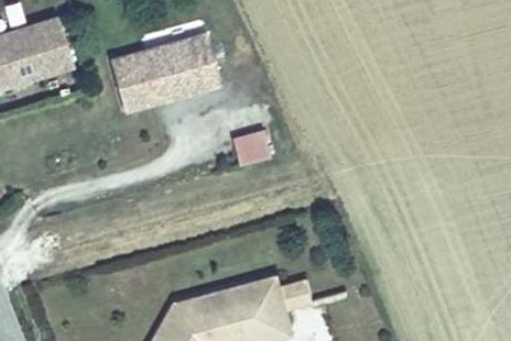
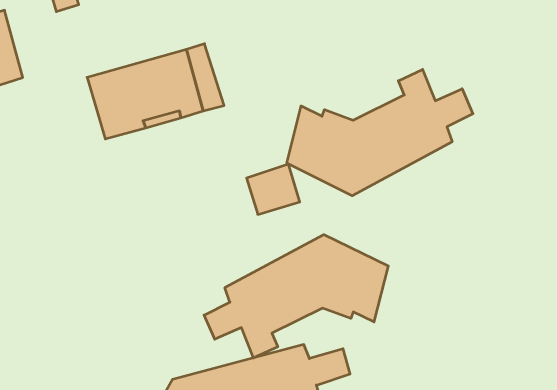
building: none -> [287,69,473,196]
building: none -> [204,235,388,358]

